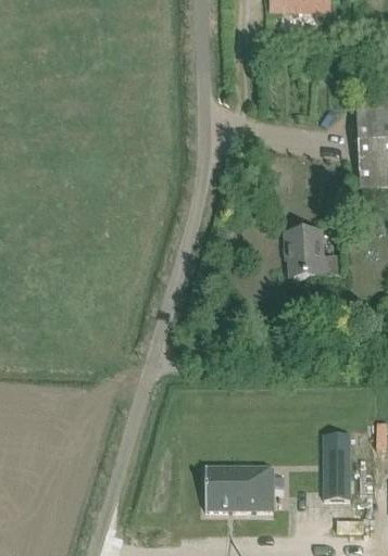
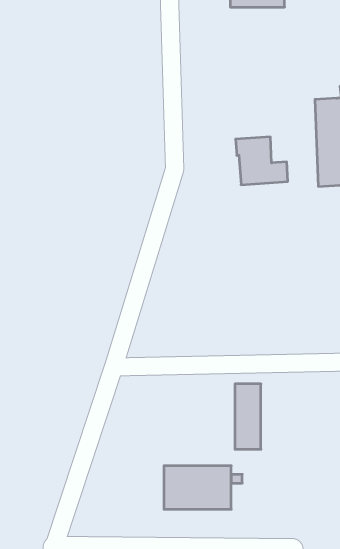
building: [286,230,338,278] -> [236,137,288,185]
building: [324,434,350,500] -> [235,384,261,449]

